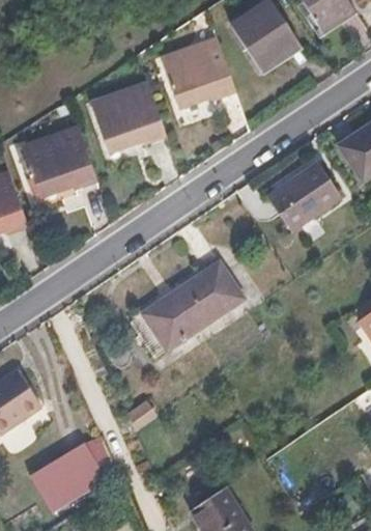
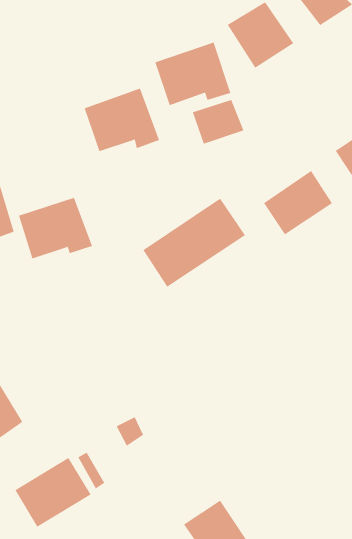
building: none -> [192,99,244,144]
building: [25,133,97,193] -> [18,197,93,259]
building: [142,263,242,351] -> [142,198,246,288]

